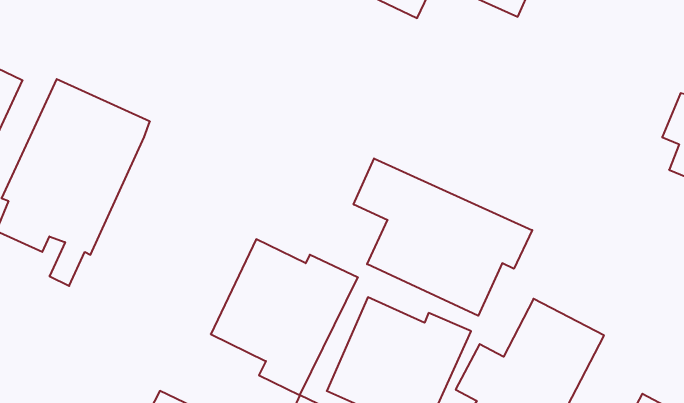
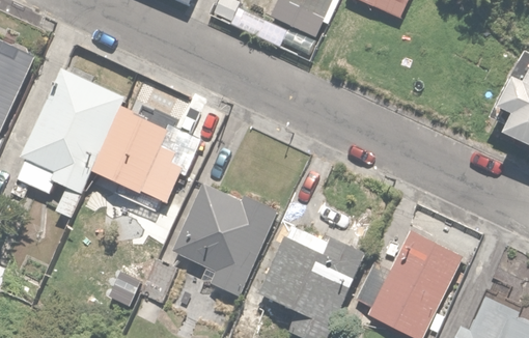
building: none -> [84,110,200,215]
building: [354,158,532,316] -> none

